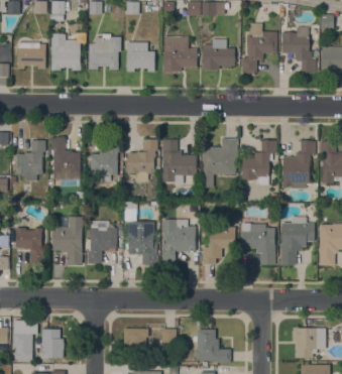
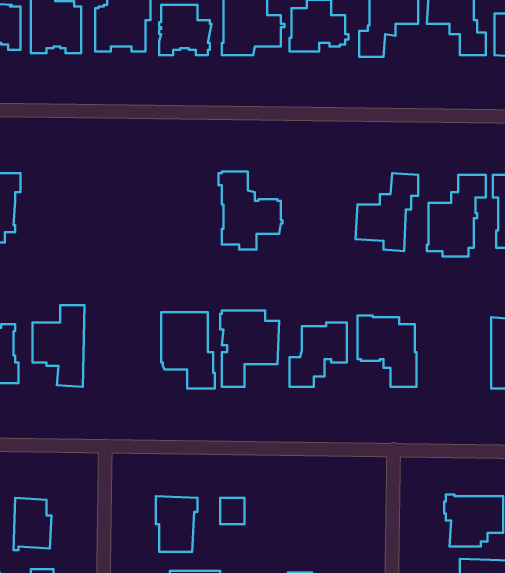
building: [50,137,80,179] -> none
building: [202,138,237,188] -> none
building: [128,139,157,179] -> none
building: [91,141,120,181] -> none
building: [280,217,314,265] -> none
building: [87,221,117,263] -> none
building: [196,329,231,363] -> none

